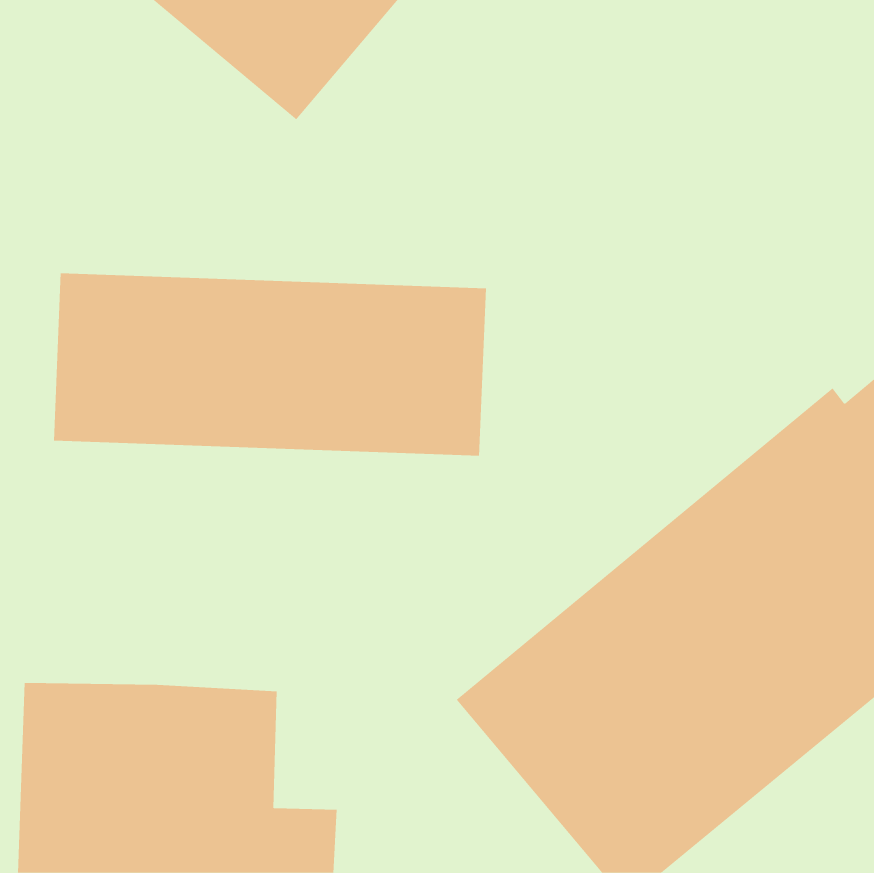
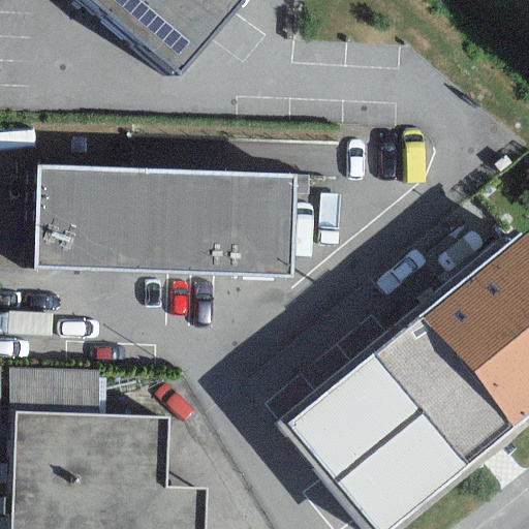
building: none -> [8,368,97,412]

